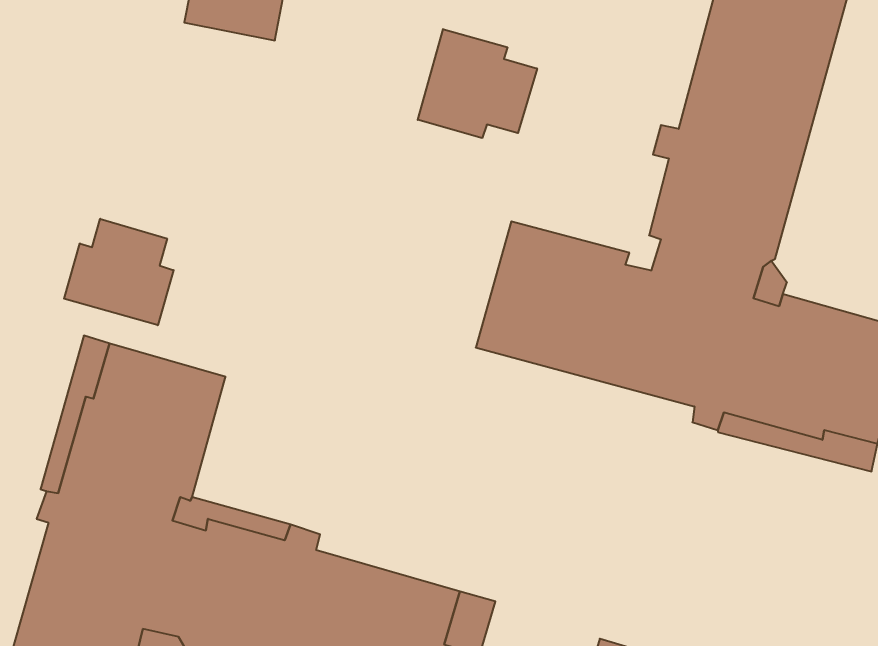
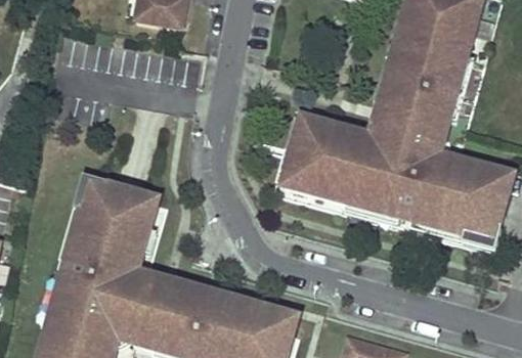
building: [418,29,537,138] -> none
building: [64,219,174,325] -> none

